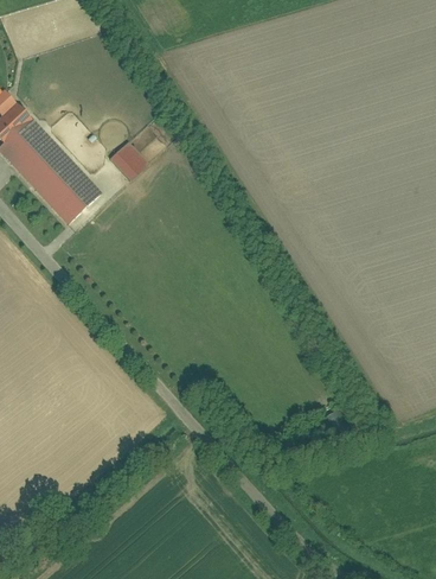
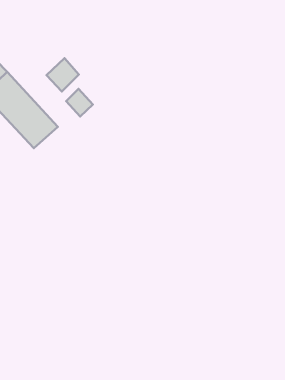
building: none -> [46,58,79,92]

